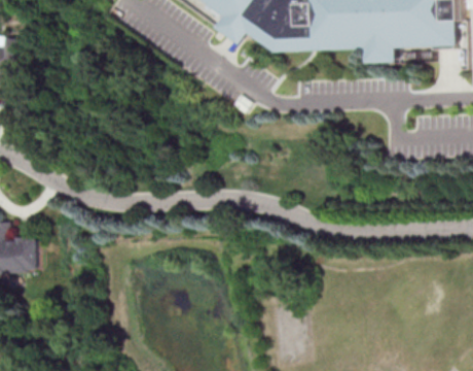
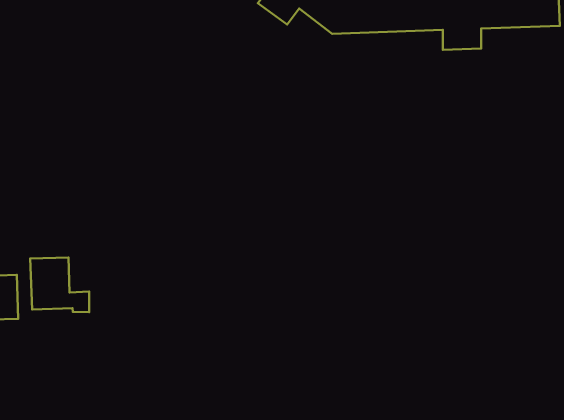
building: none -> [30,257,89,312]

